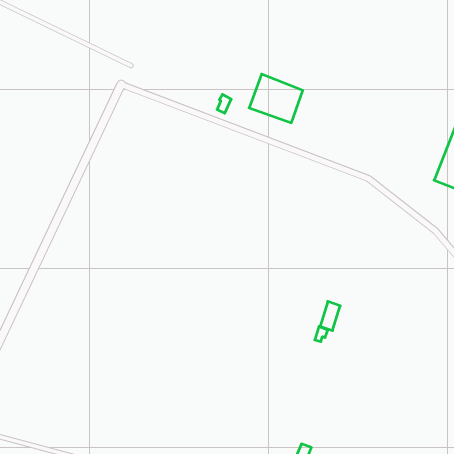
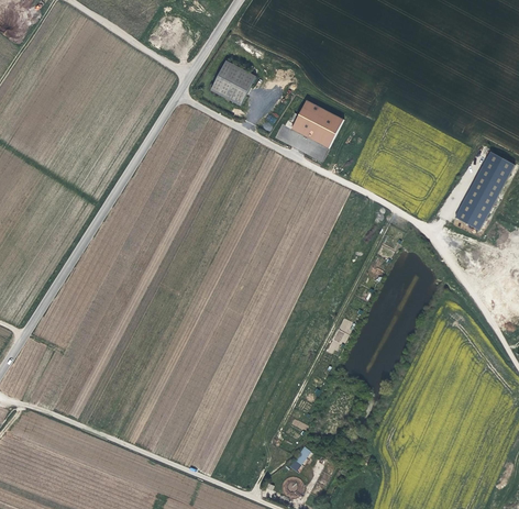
building: none -> [211,59,256,104]

